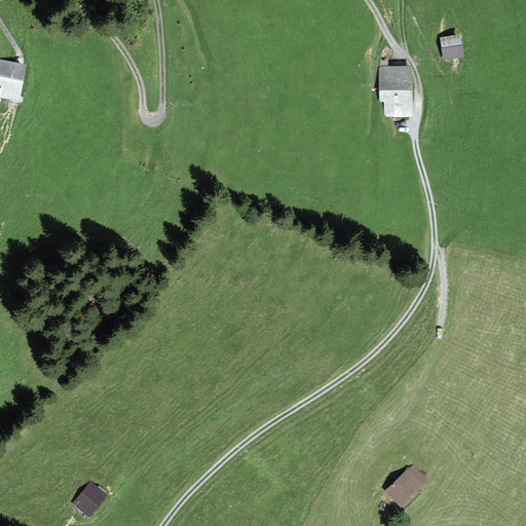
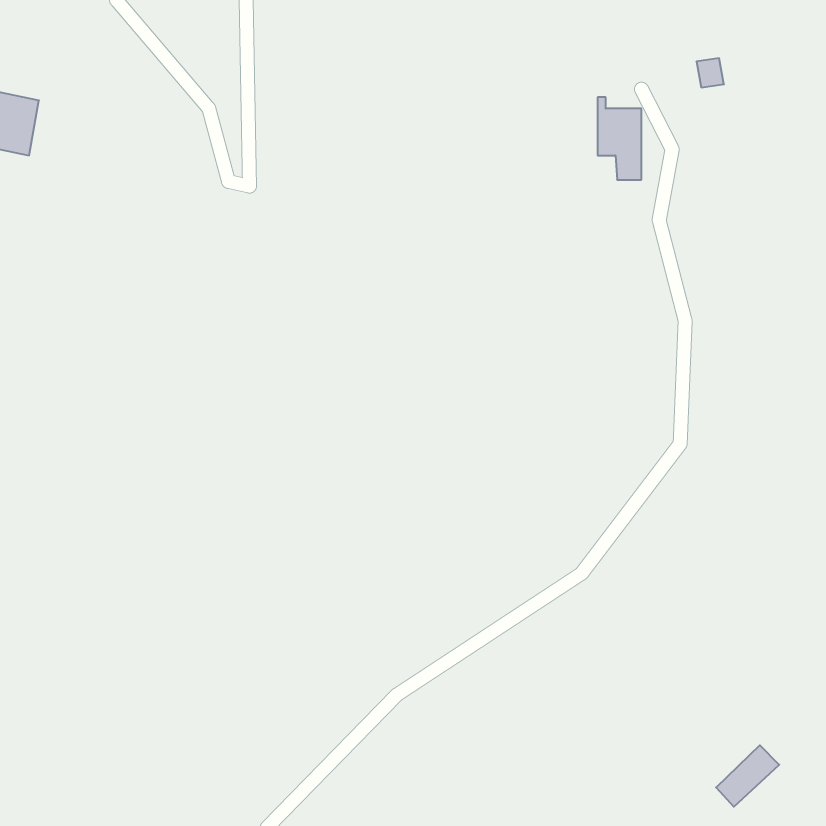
building: [387,465,427,504] -> [716,745,779,807]
building: [73,484,103,515] -> none

